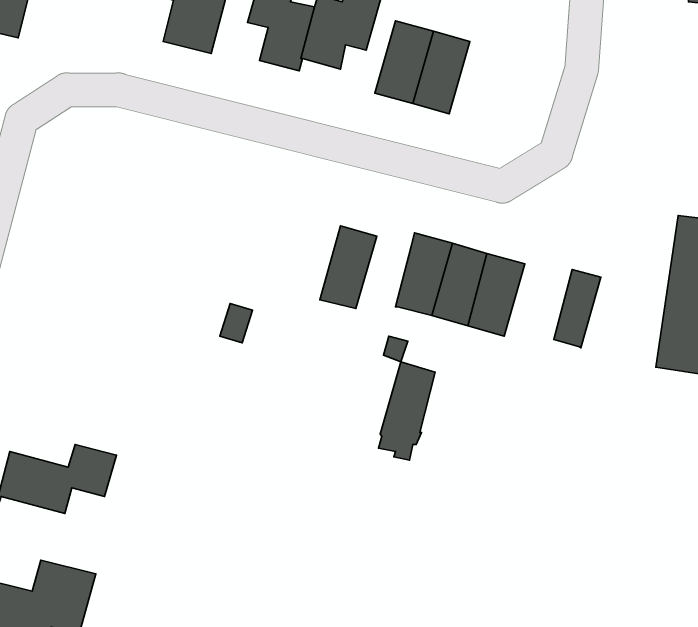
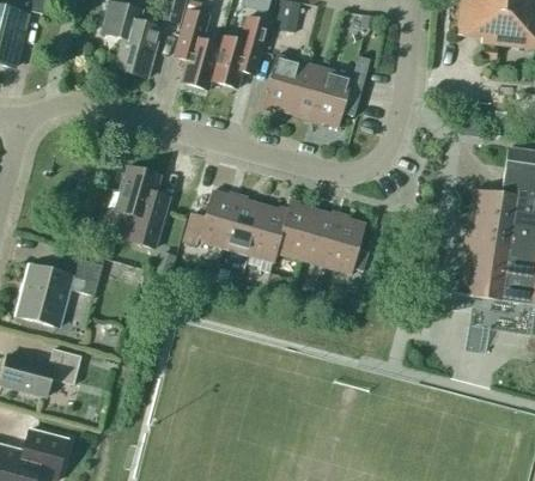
building: none -> [314,68,353,126]
building: none -> [115,165,166,246]
building: none -> [184,189,238,248]
building: [554,270,601,348] -> none
building: none -> [19,255,103,325]
building: [378,362,435,460] -> [248,203,287,272]

